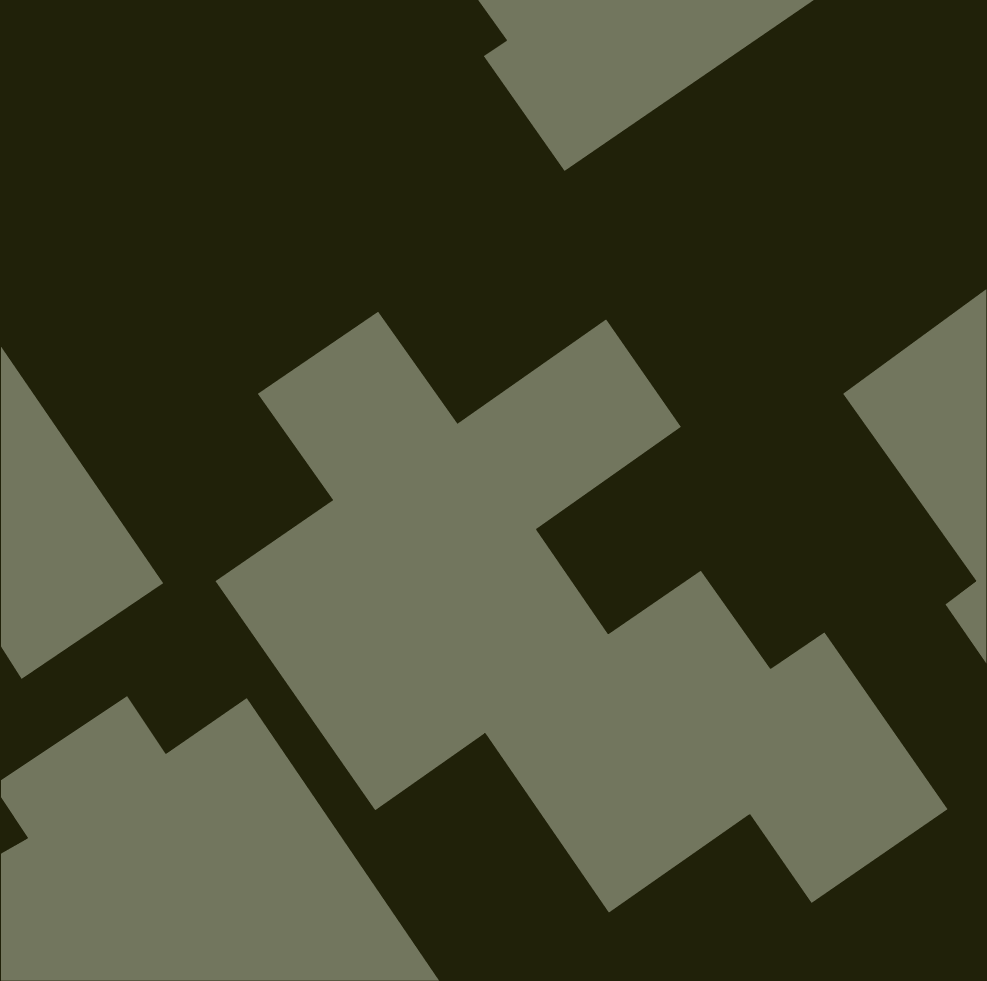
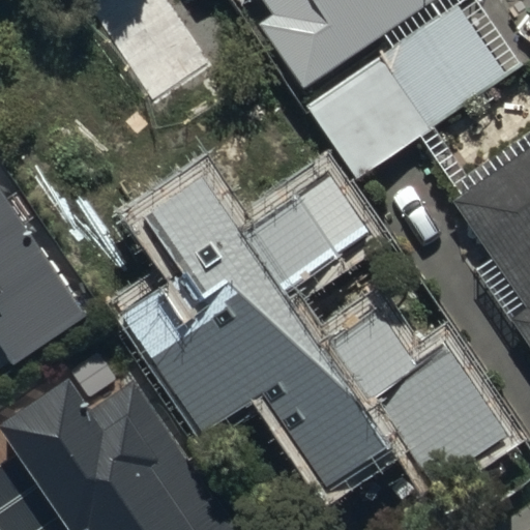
building: none -> [302,13,501,185]

